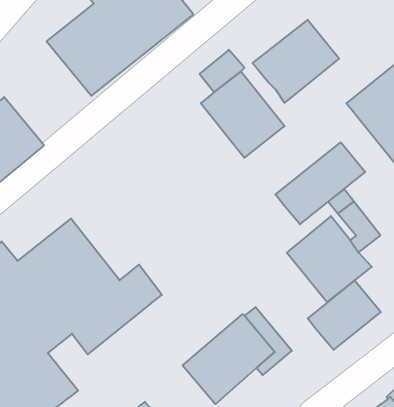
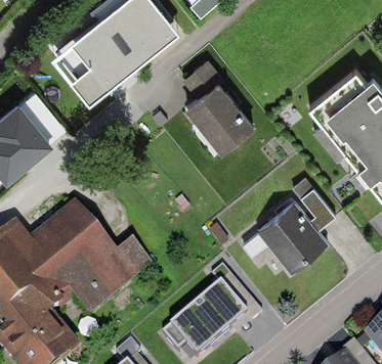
building: [253,20,339,103] -> none
building: [275,142,365,224] -> none
building: [308,280,381,350] -> none

